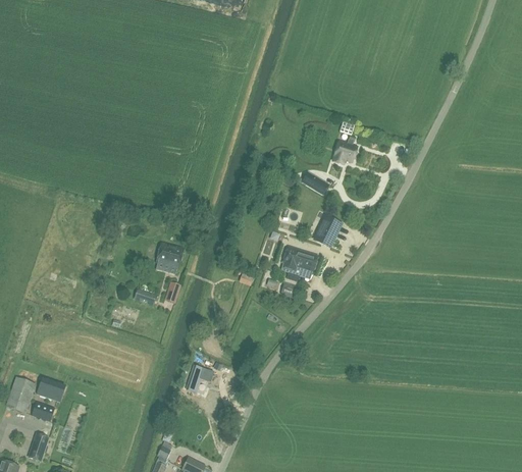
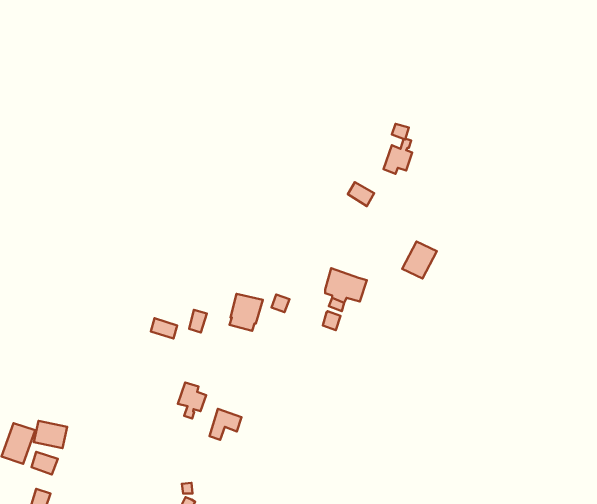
building: [313,216,343,248] -> [402,242,437,279]
building: [155,243,184,274] -> [229,294,263,331]
building: none -> [178,382,206,419]

